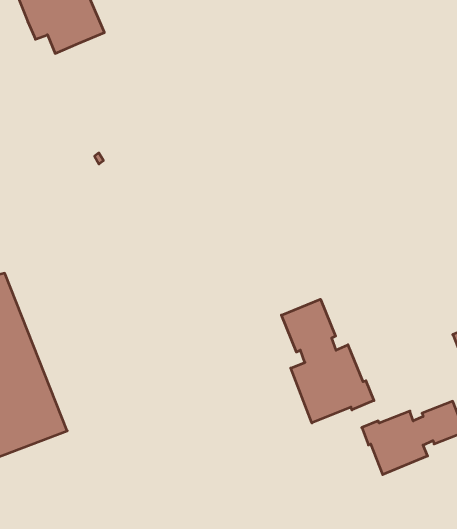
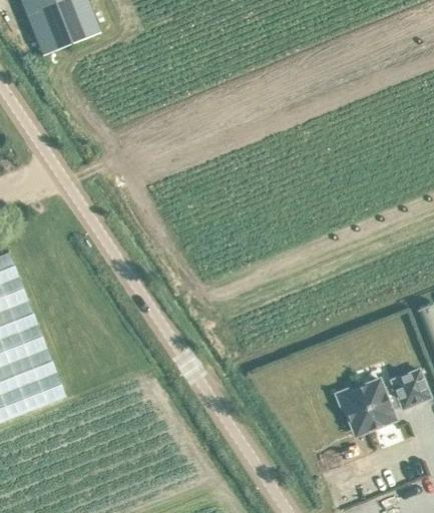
building: [281,299,374,423] -> none

